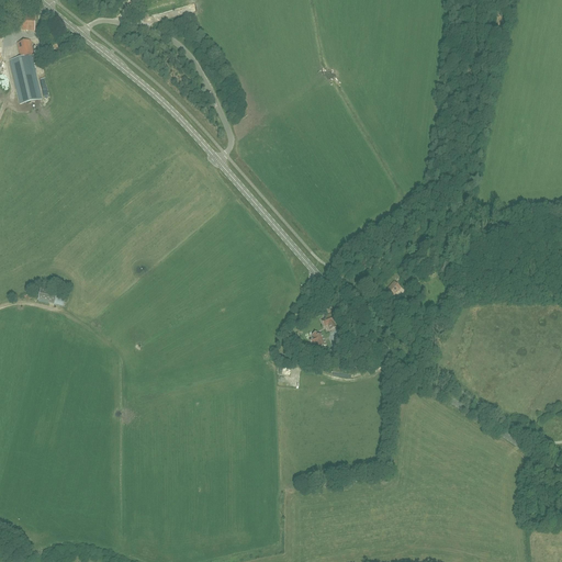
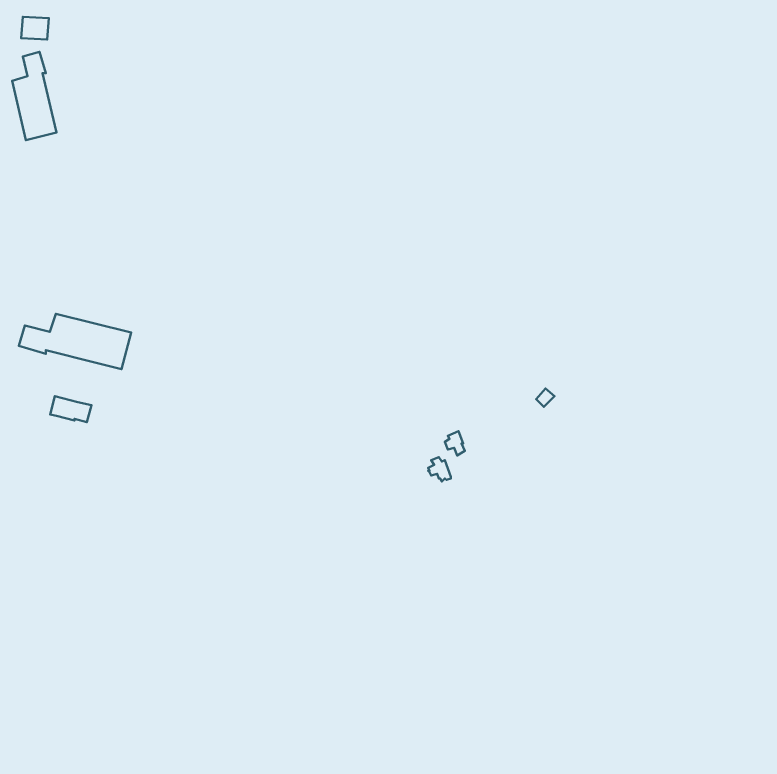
building: none -> [19,314,131,369]

